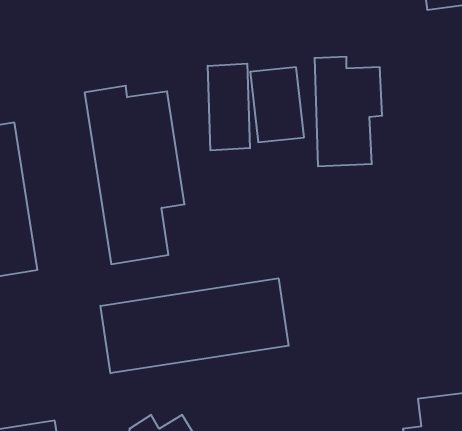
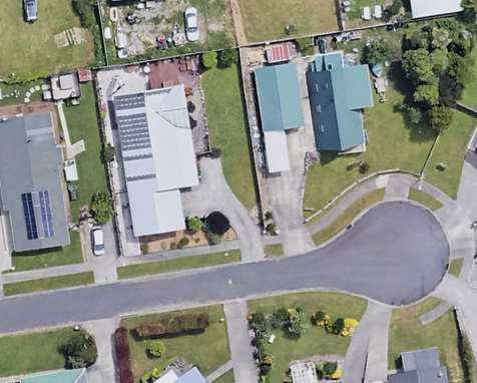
building: [208,64,250,150] -> none
building: [101,278,289,373] -> none

